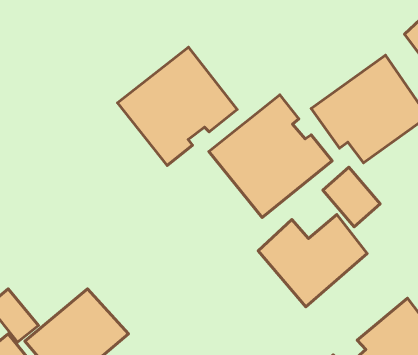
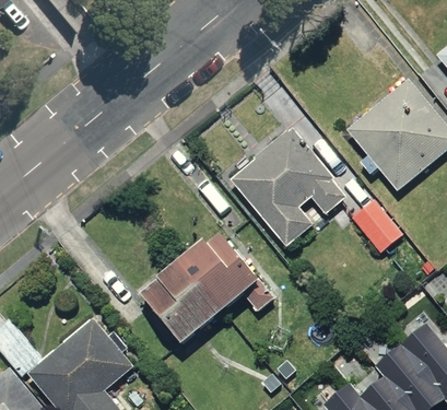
building: [117,47,237,166] -> none
building: none -> [125,215,269,340]
building: [258,215,367,307] -> none

